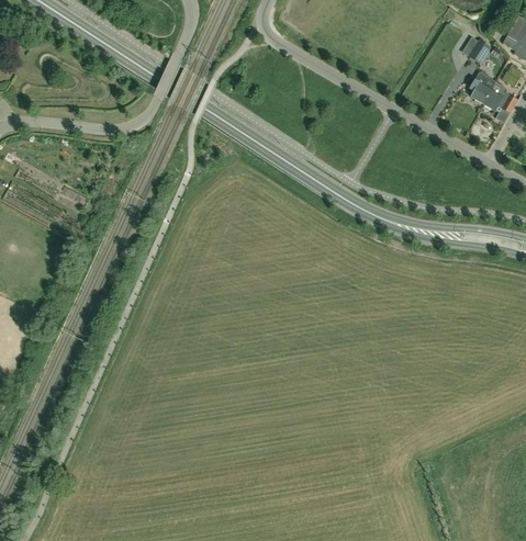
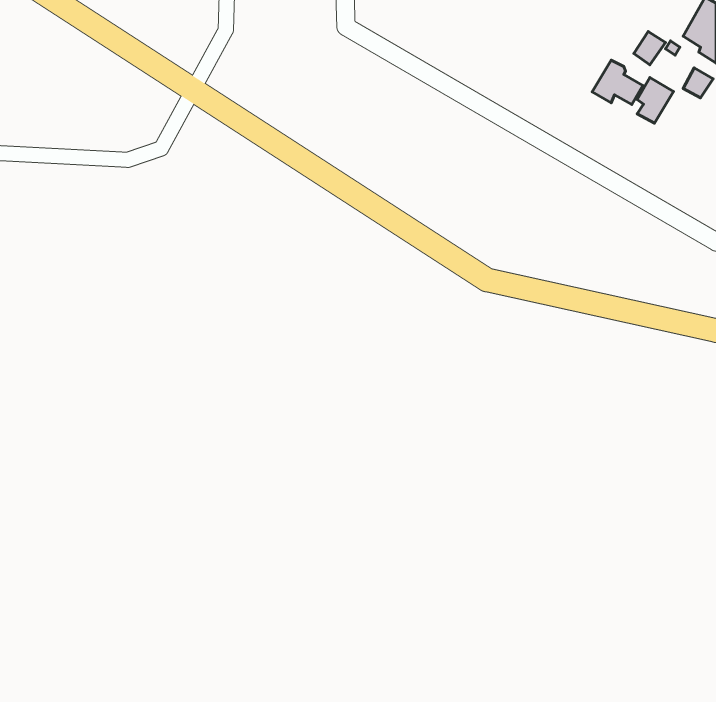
building: [482,81,517,112] -> [592,60,643,104]

